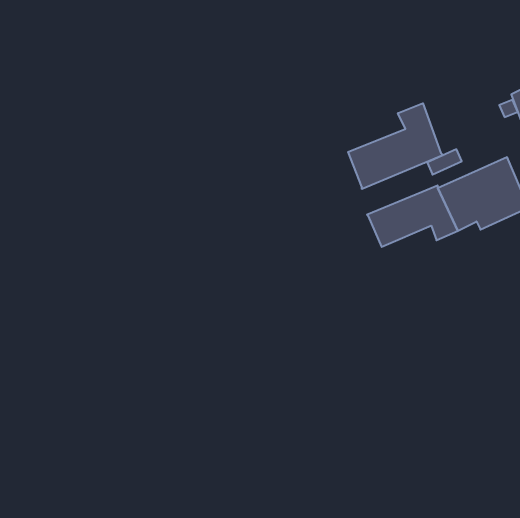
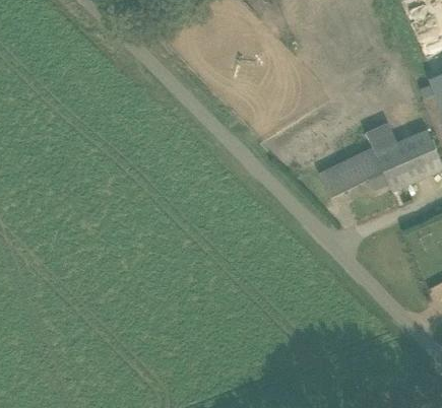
building: [348,103,443,189] -> none

